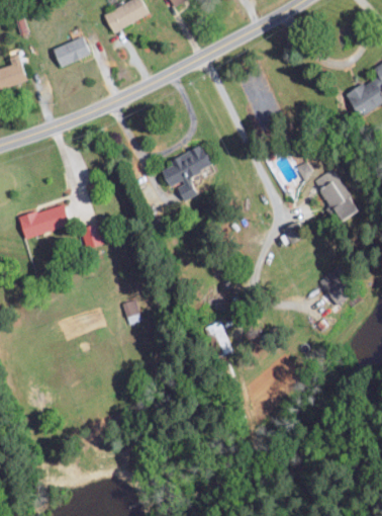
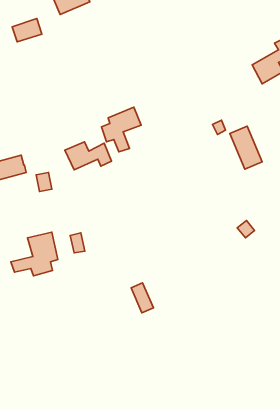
building: none -> [65,142,112,170]
building: none -> [11,232,58,276]
building: [207,321,234,357] -> [131,283,153,313]

